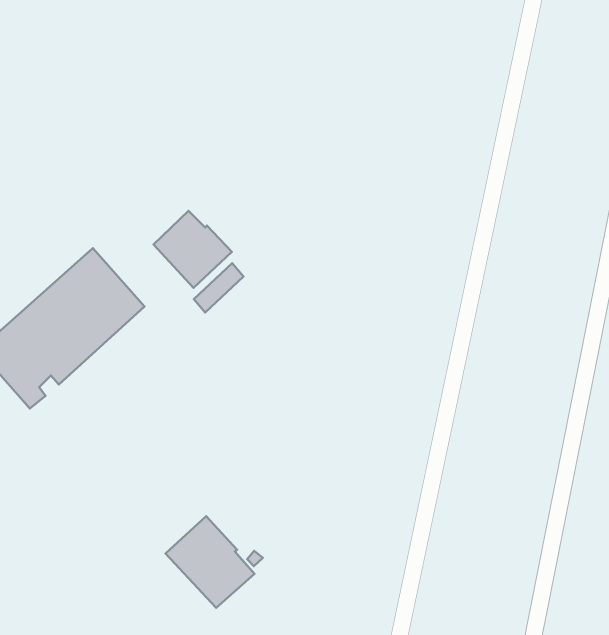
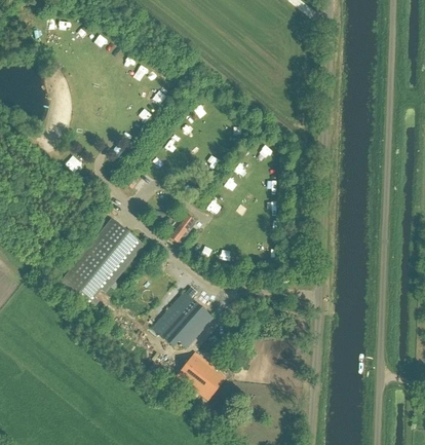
building: [154,211,232,288] -> none
building: none -> [150,290,212,346]

